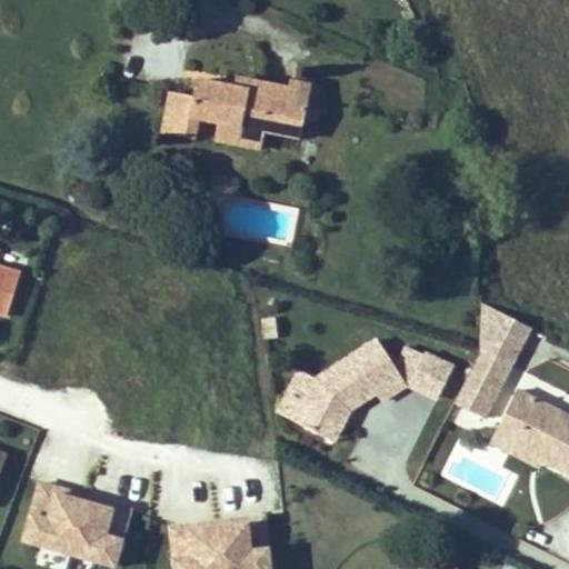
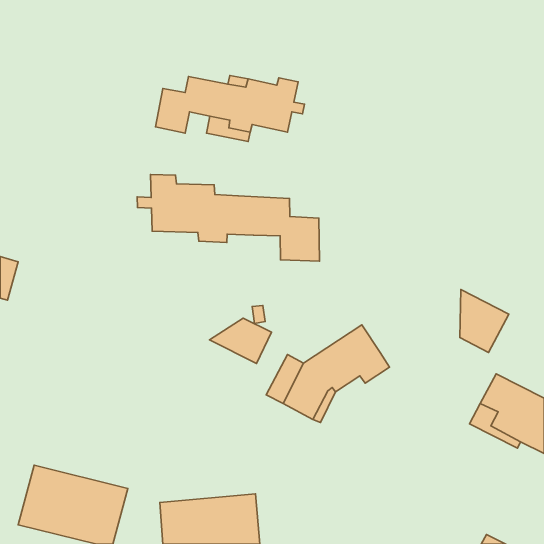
building: none -> [137,175,319,261]
building: none -> [209,318,272,363]
building: [397,347,452,399] -> none
building: [455,352,510,418] -> none

